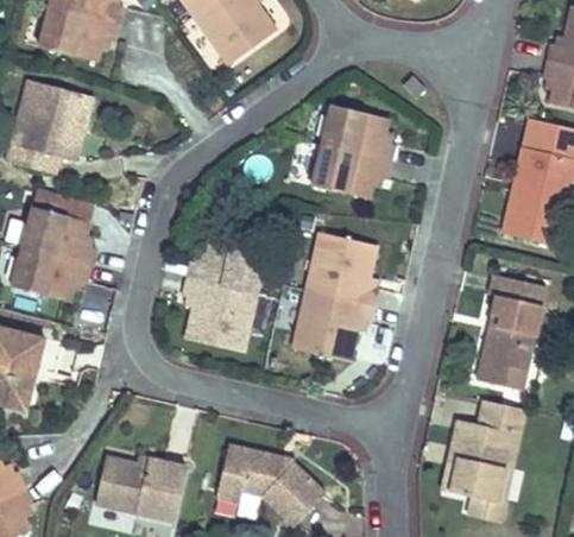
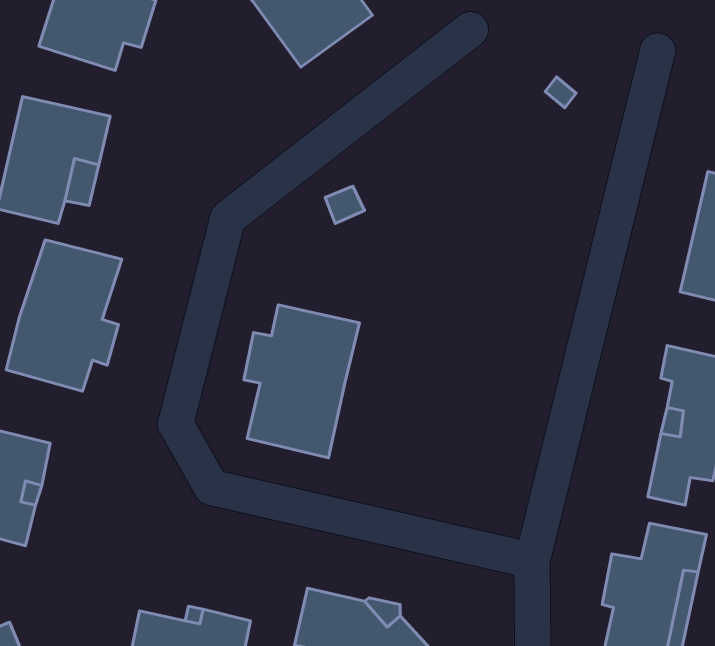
building: [317,100,398,194] -> none
building: [294,230,383,360] -> none

